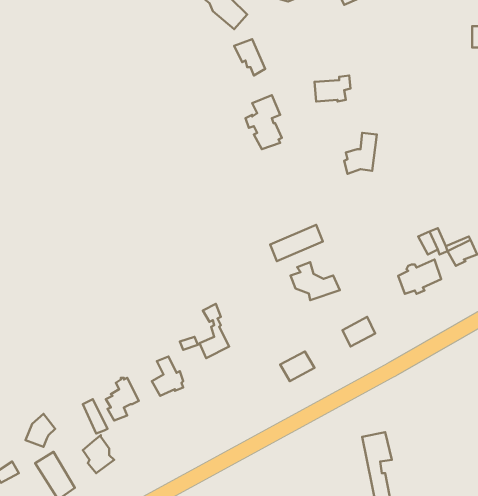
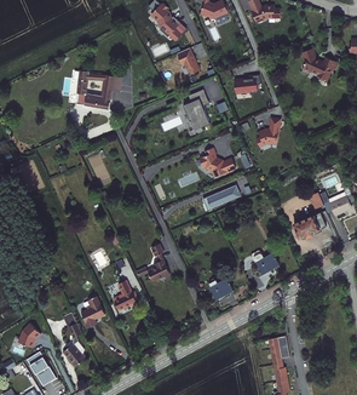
building: none -> [303,47,339,80]
building: none -> [76,73,115,108]
building: [291,262,340,300] -> [200,148,236,176]

